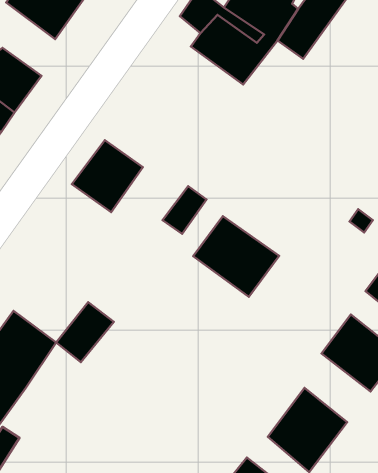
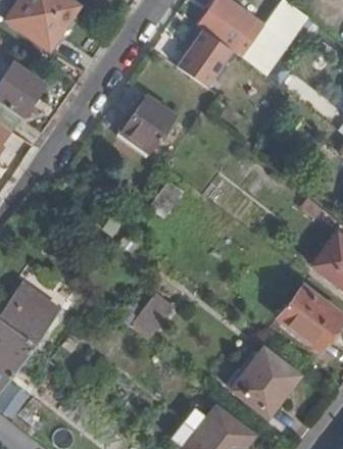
building: [72,140,143,212] -> [118,95,178,155]
building: [193,216,279,297] -> none
building: [56,302,114,362] -> [129,289,177,339]

